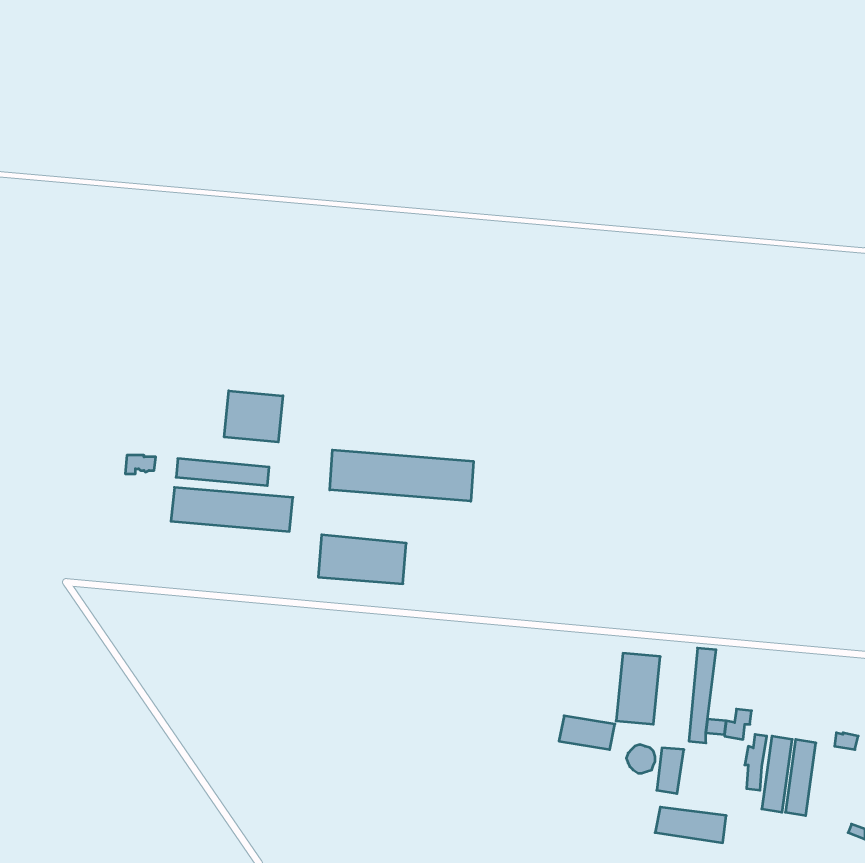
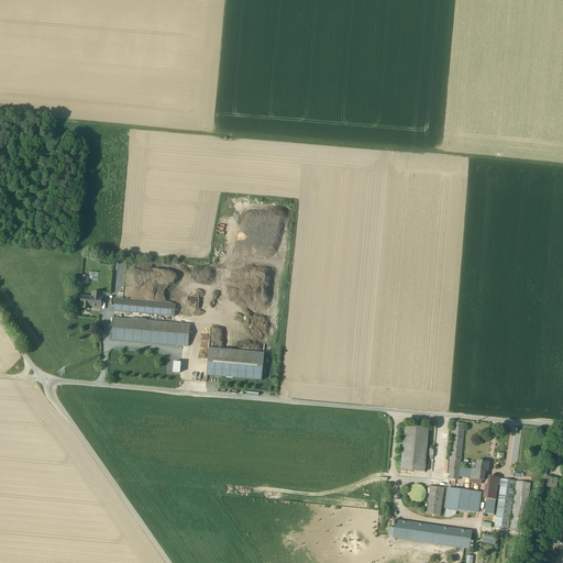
building: [224,391,283,442] -> none
building: [330,450,473,501] -> none
building: [559,716,615,750] -> [393,519,429,541]
building: none -> [444,488,481,511]

